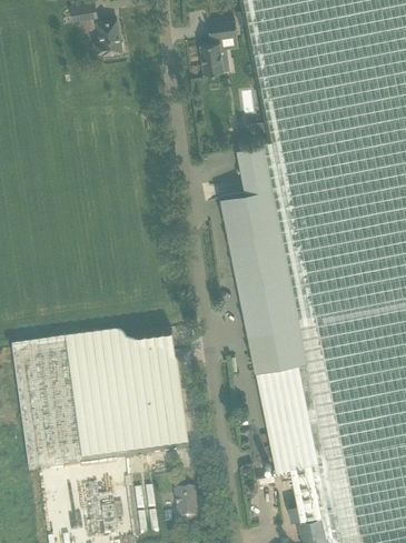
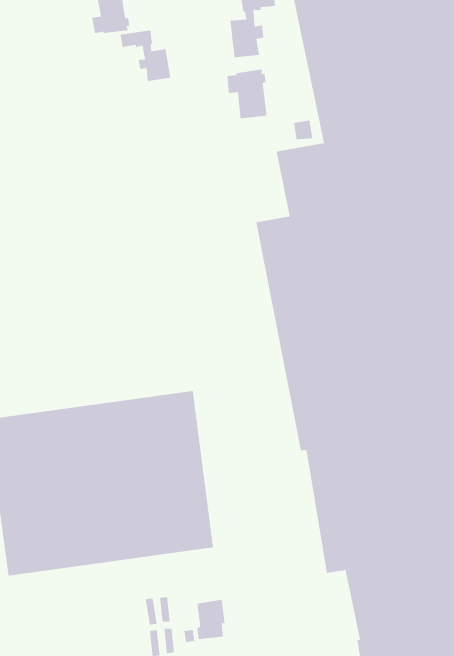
building: none -> [120,29,171,82]
building: none -> [227,68,267,119]

